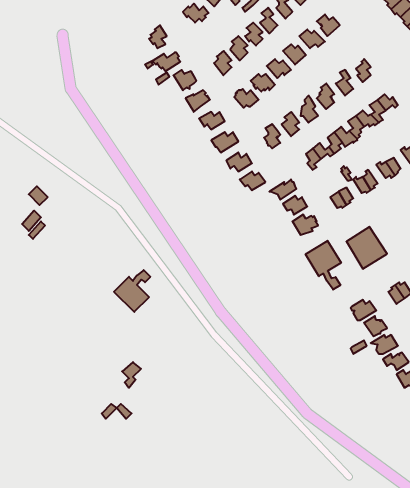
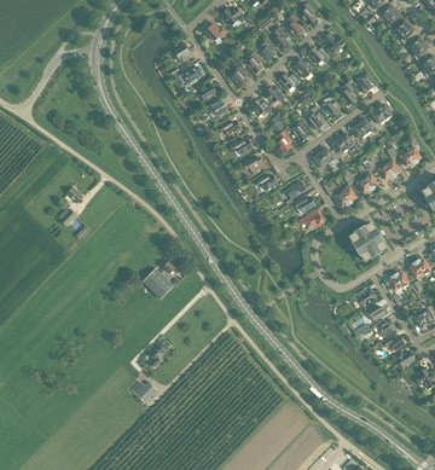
building: [306,241,341,290] -> none

